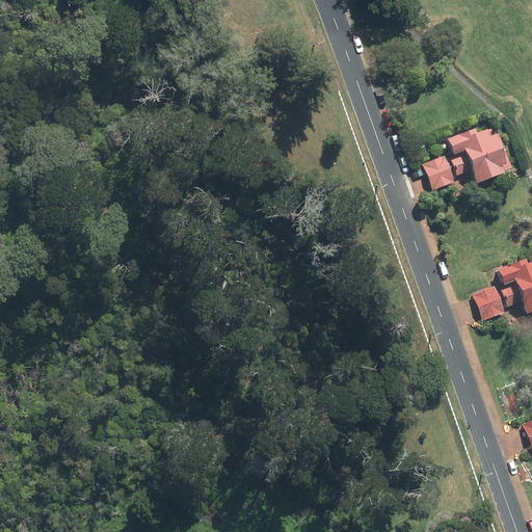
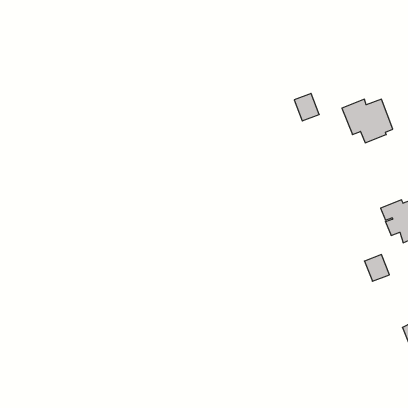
building: [424,154,456,189] -> [294,93,319,121]
building: [474,284,506,318] -> [364,255,389,281]

